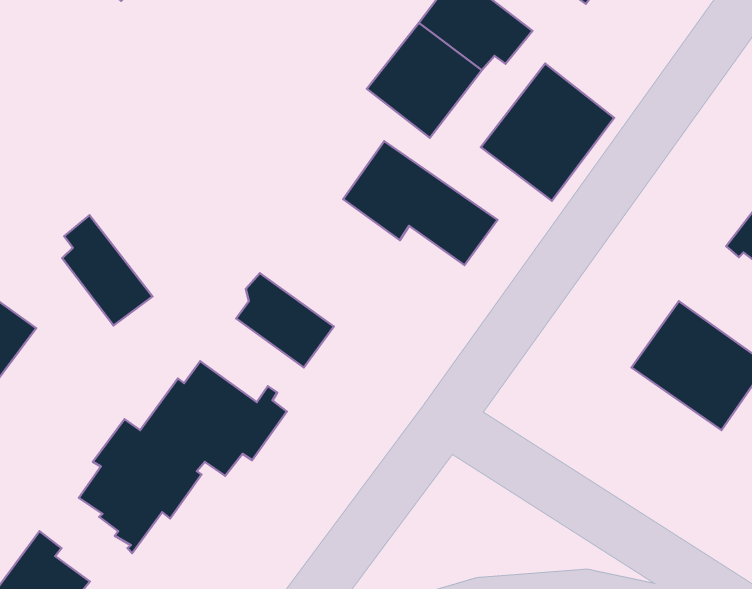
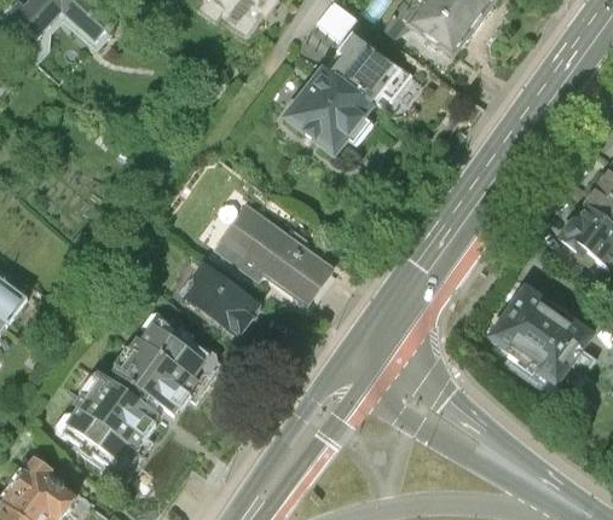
building: [481,64,614,201] -> none
building: [343,141,497,265] -> [214,208,332,304]
building: [62,215,153,326] -> none

